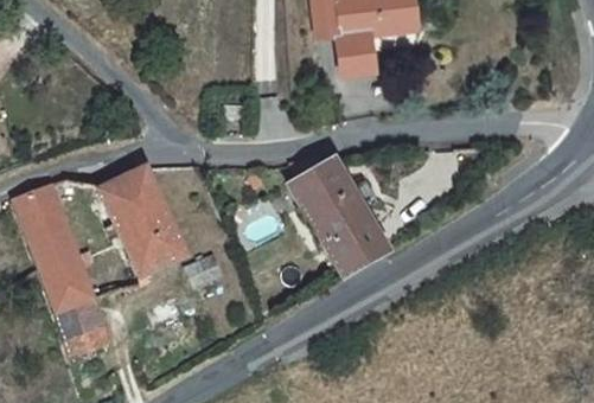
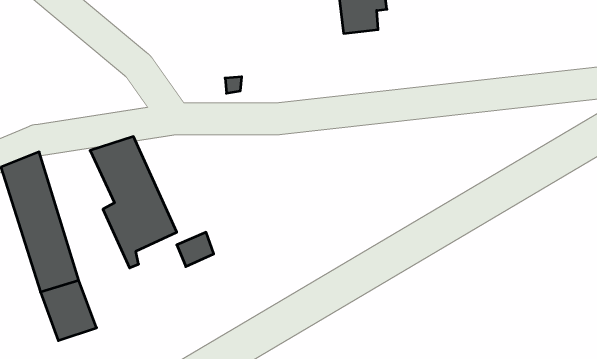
building: [300,158,389,276] -> none

